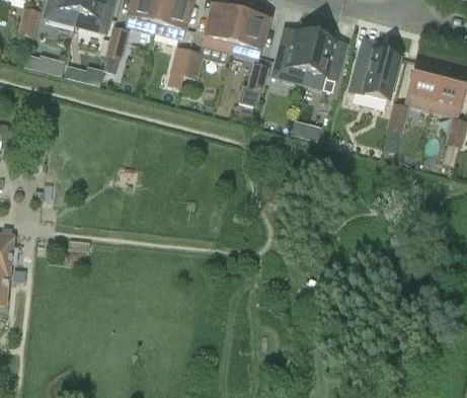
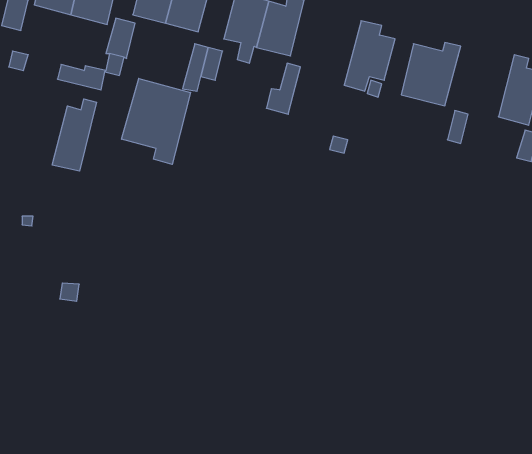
building: [274,23,317,82] -> none
building: [406,54,445,108] -> none
building: none -> [122,78,191,164]
building: none -> [52,99,97,171]

